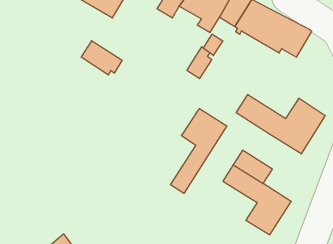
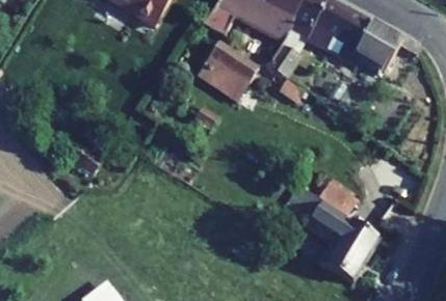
building: [81,41,122,75] -> [212,47,262,88]
building: [236,94,325,154] -> none
building: [170,109,227,193] -> none

